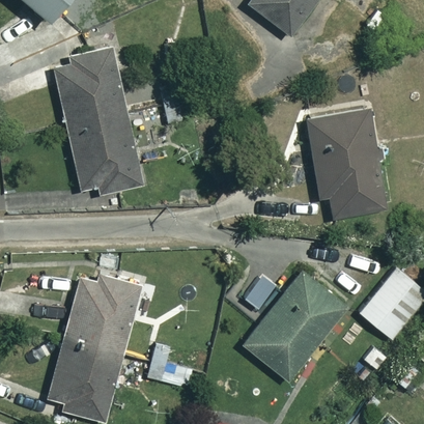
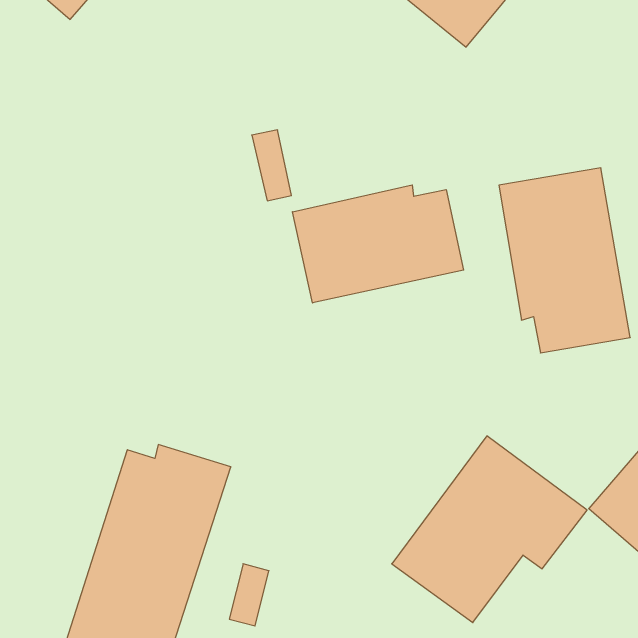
building: [53,48,141,195] -> none
building: none -> [292,185,464,303]

